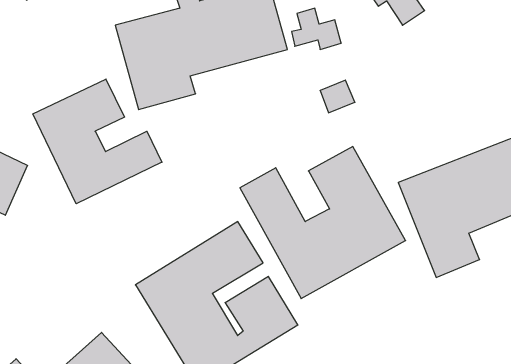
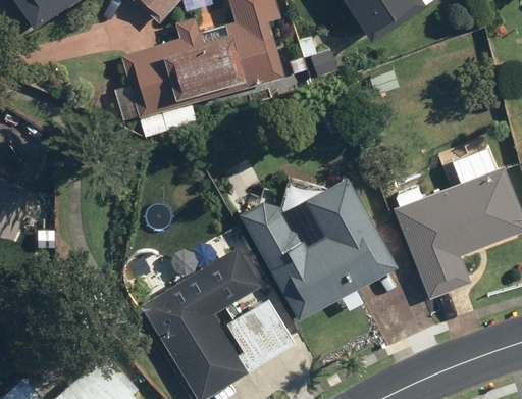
building: [33,79,162,204] -> none

